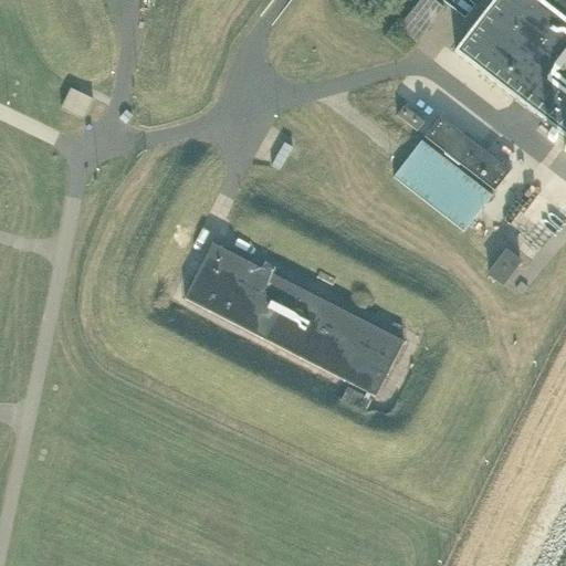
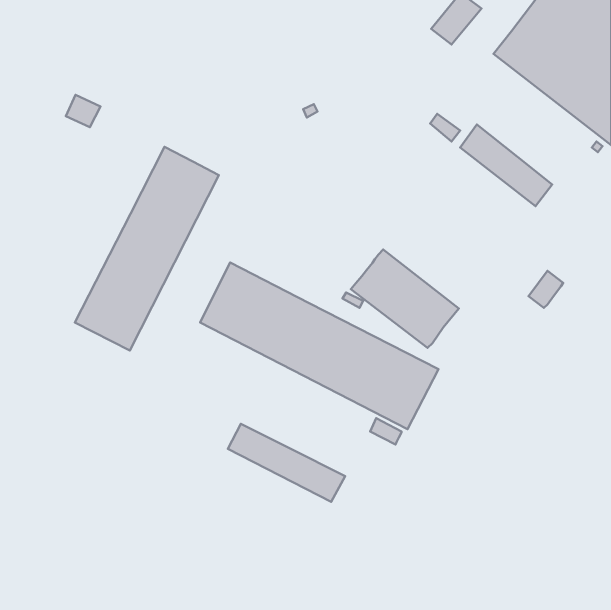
building: none -> [75,147,219,350]
building: [392,139,492,230] -> [351,250,459,348]
building: none -> [228,424,345,502]

